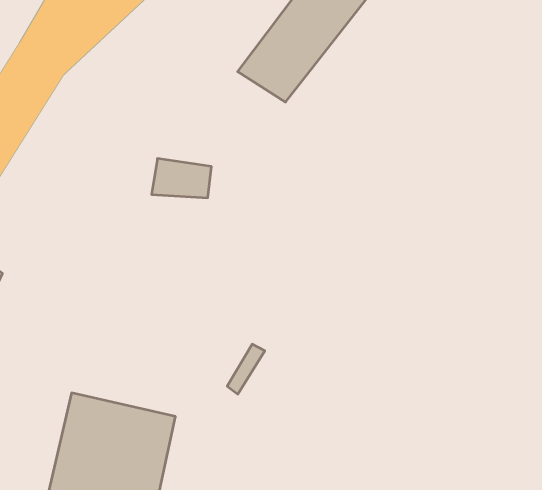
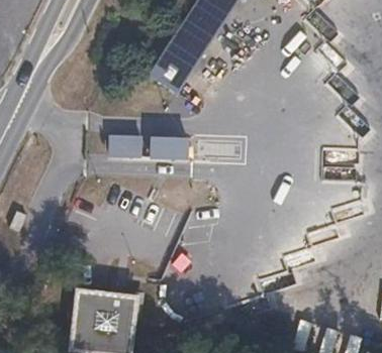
building: none -> [147,138,183,161]

